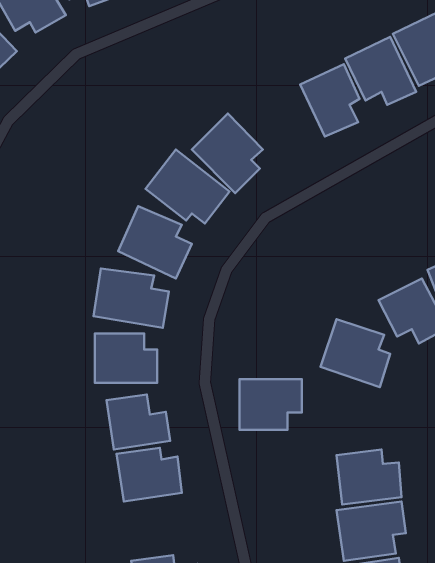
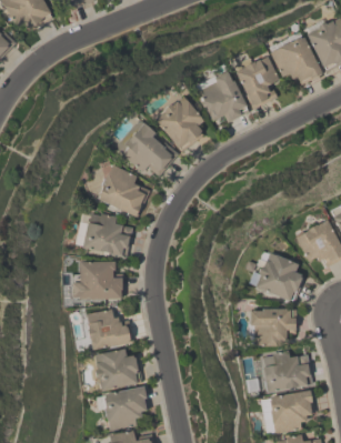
building: none -> [195,70,250,122]
building: [240,379,302,430] -> [249,308,297,346]
building: none -> [101,385,151,431]

